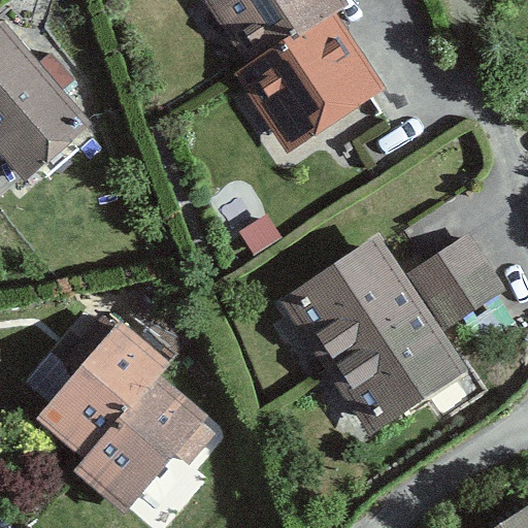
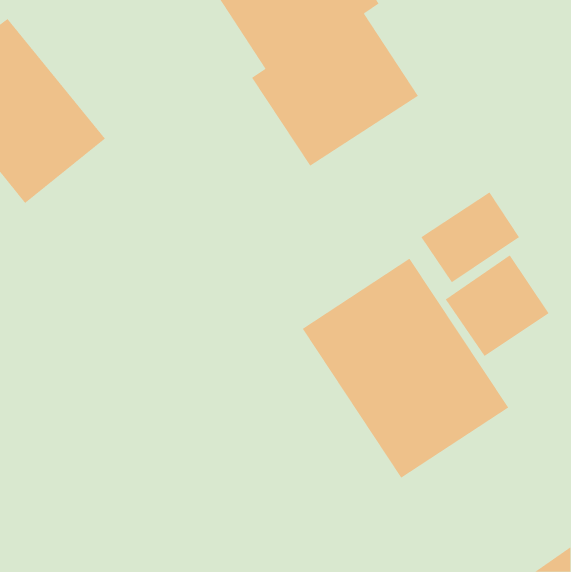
building: none -> [421,191,520,283]
building: [36,317,199,507] -> none

